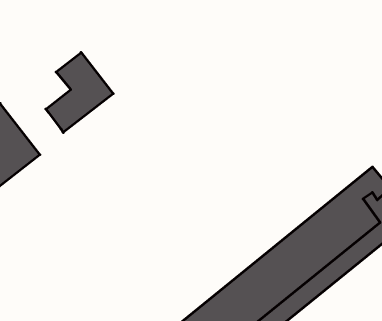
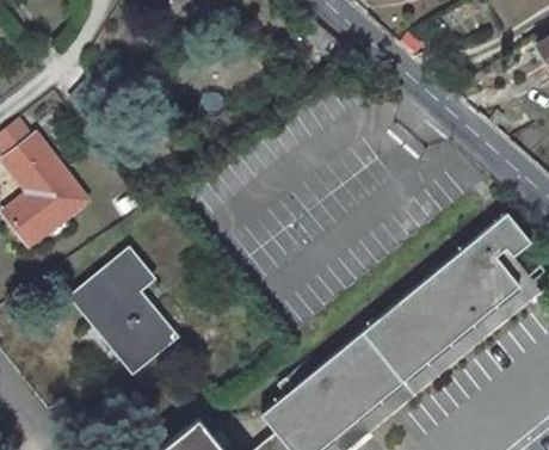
building: [46,52,113,133] -> none
building: none -> [72,249,175,368]

